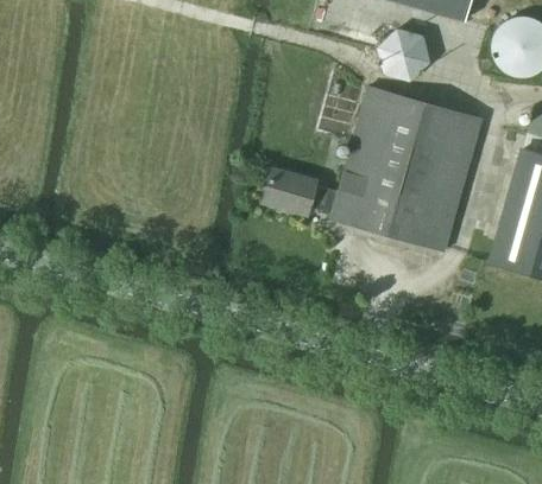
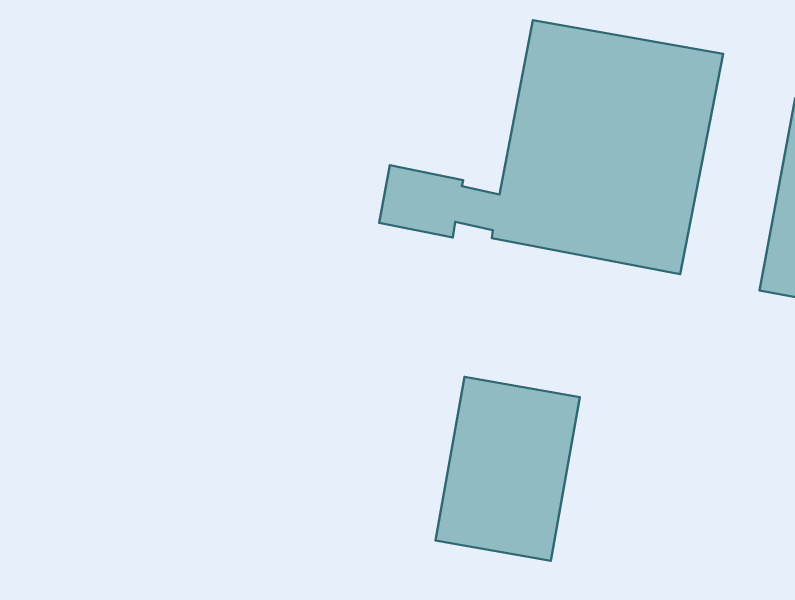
building: none -> [435,377,580,561]

